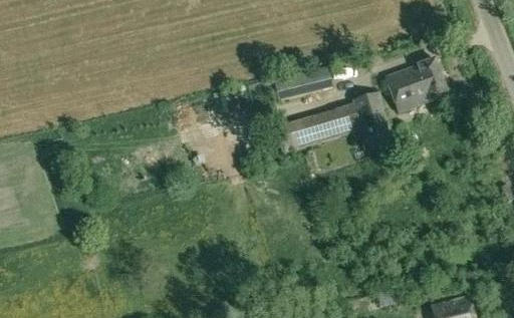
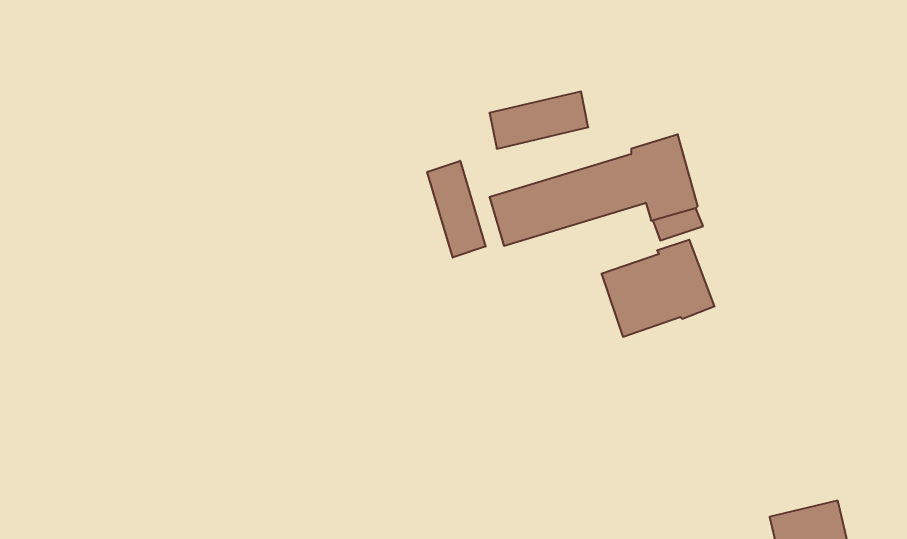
building: [386,57,449,111] -> [601,240,715,337]
building: none -> [427,161,486,258]

